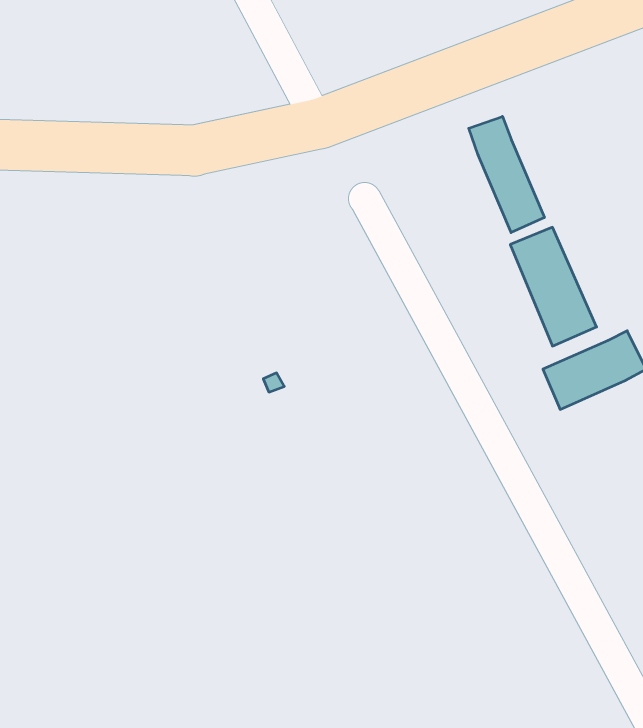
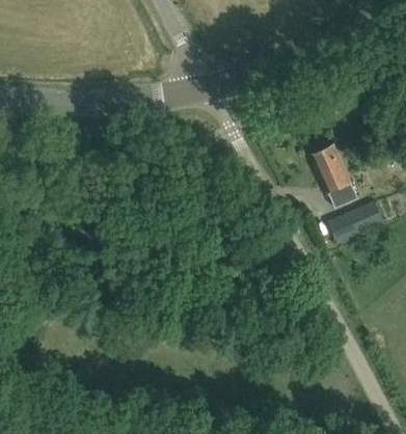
building: [469,116,544,233] -> none

